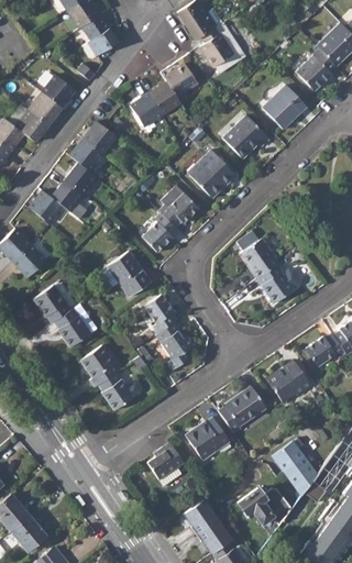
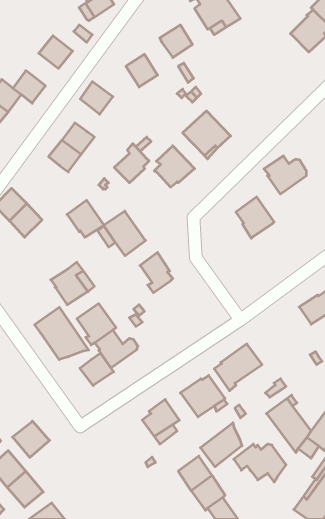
building: [149,80,180,113] -> none
building: [262,84,307,129] -> none
building: [29,91,62,124] -> none
building: [222,114,270,158] -> none
building: [69,137,103,170] -> none
building: [29,189,63,222] -> none
building: [142,211,177,251] -> [114,144,149,183]
building: [257,264,300,302] -> [264,156,306,194]
building: [34,284,72,321] -> [67,200,104,237]
building: [155,321,194,369] -> none
building: none -> [35,307,89,360]
building: [266,360,310,401] -> none
building: none -> [80,353,114,386]
building: none -> [12,421,50,457]
building: none -> [200,423,242,467]

